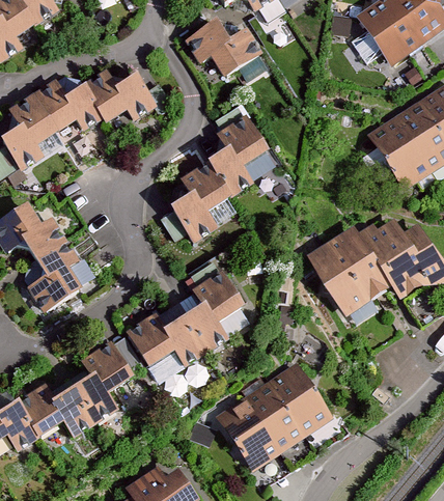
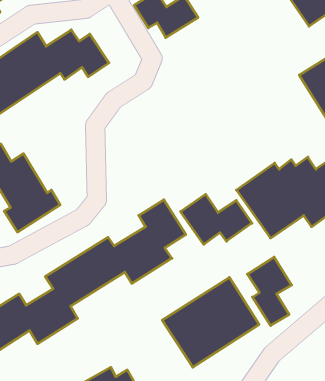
building: [167,115,266,244] -> none
building: none -> [181,194,252,244]
building: none -> [247,257,292,326]

